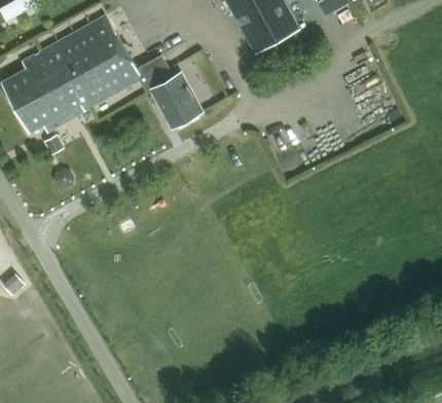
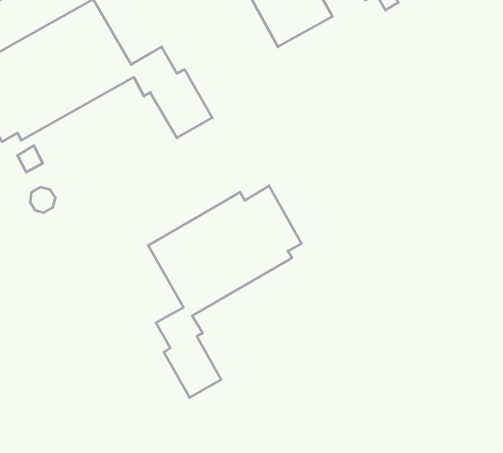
building: none -> [148,186,301,398]

